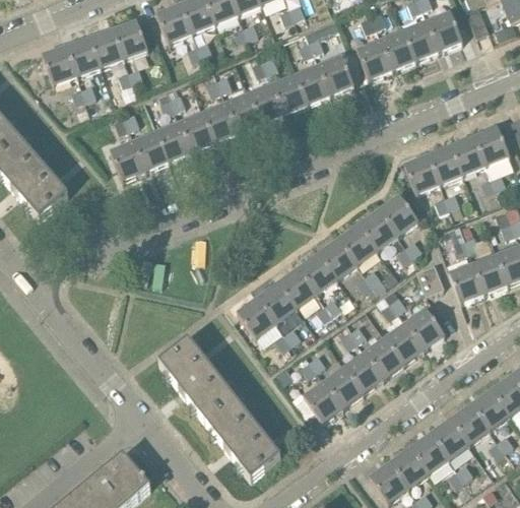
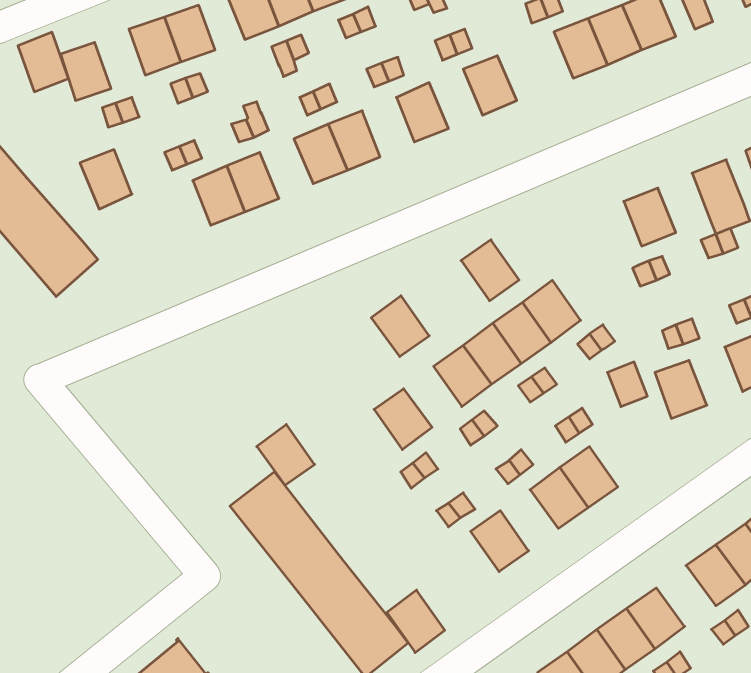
building: [67,36,102,76] -> [18,32,68,92]
building: [358,38,394,78] -> none
building: [296,63,332,104] -> none
building: [250,82,285,123] -> none
building: [180,111,216,151] -> none
building: [452,134,488,175] -> none
building: [111,139,146,180] -> [80,150,132,209]
building: [405,153,441,193] -> none
building: [380,193,419,235] -> [461,240,519,301]
building: [473,253,510,293] -> none
building: [278,266,318,308] -> [371,296,429,357]
building: [238,296,277,337] -> [257,424,315,485]
building: [405,306,446,348] -> none
building: [344,351,384,392] -> none
building: [304,379,343,422] -> [387,590,445,653]
building: [451,402,492,444] -> none

